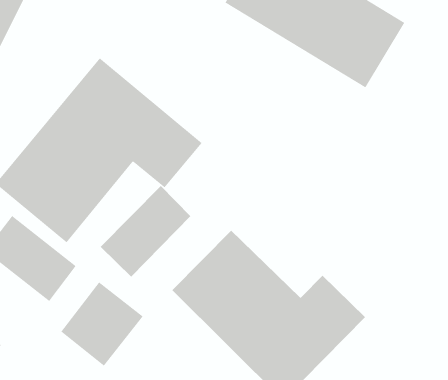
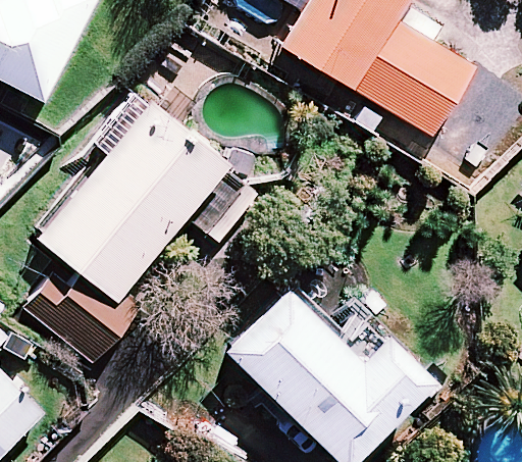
building: [100,185,191,278] -> none
building: [60,281,144,366] -> none

